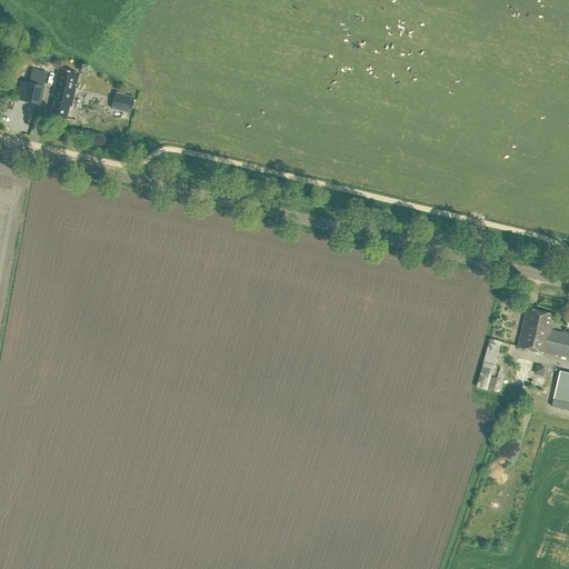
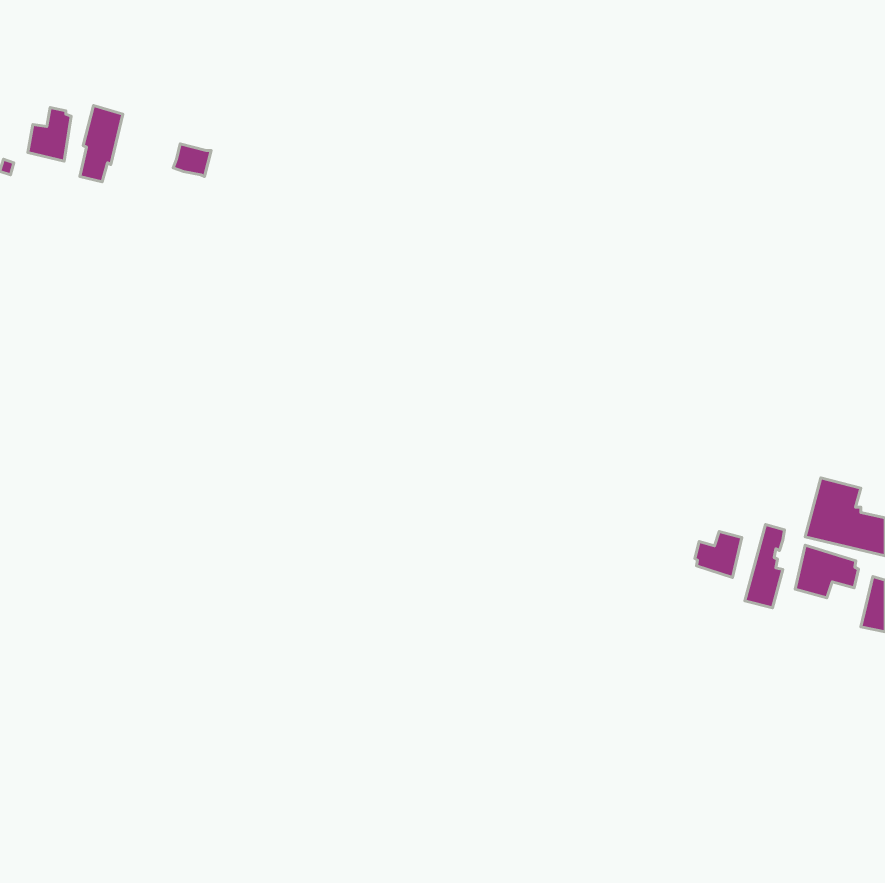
building: none -> [695,531,742,577]
building: none -> [795,545,859,598]

